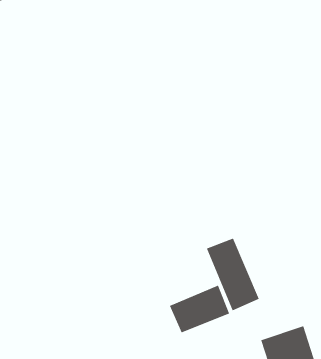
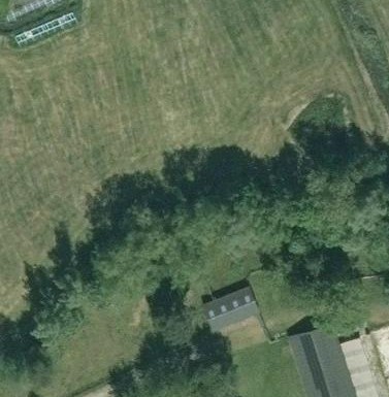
building: [206,237,260,311] -> none

